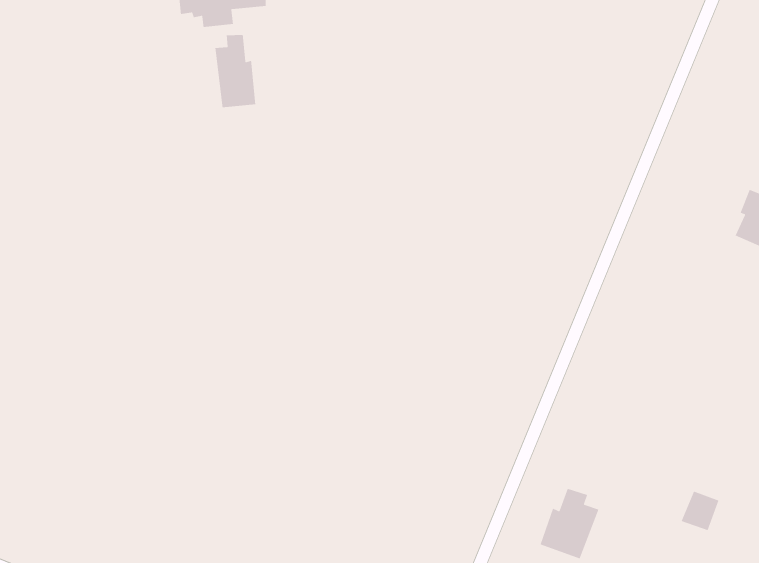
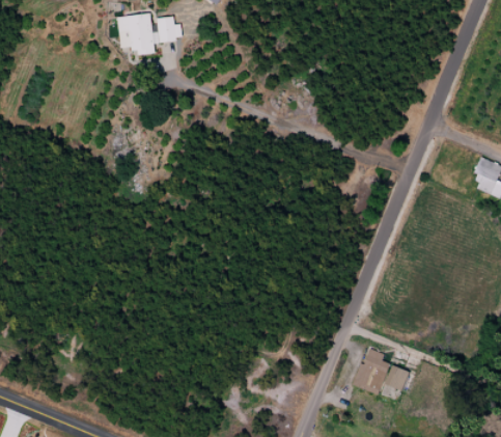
building: [214,34,256,108] -> none
building: [681,491,720,531] -> [384,364,409,390]

